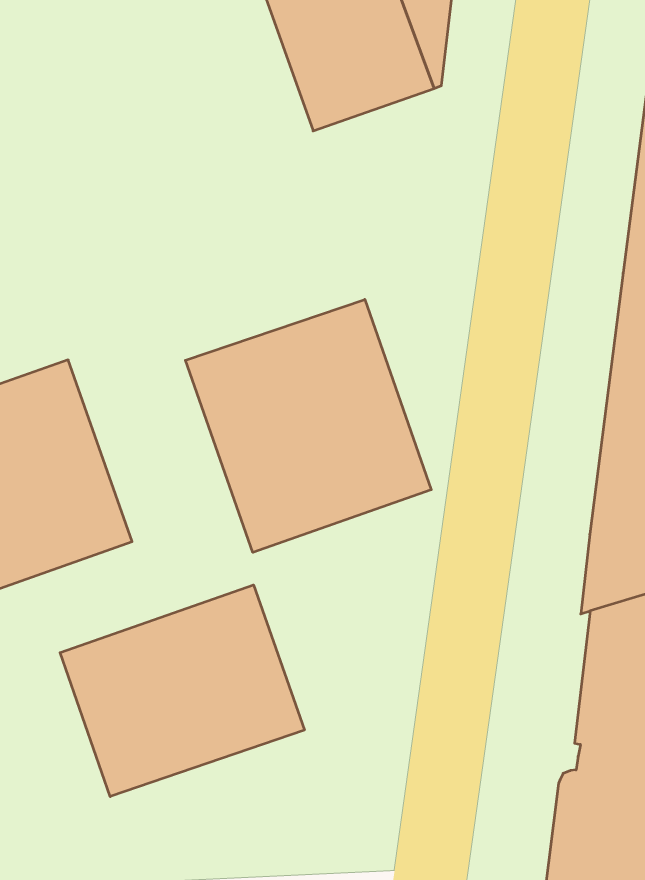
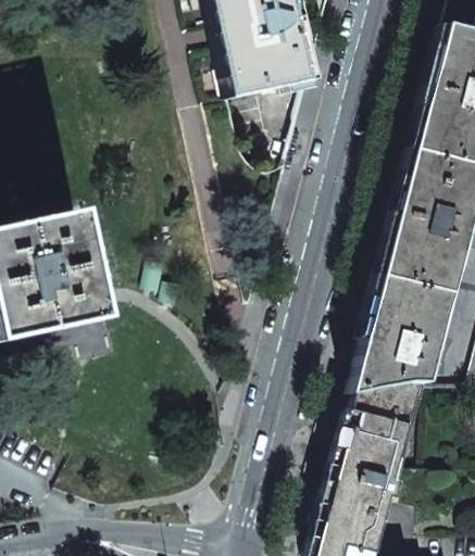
building: [185,299,431,552] -> none
building: [60,585,304,797] -> none

